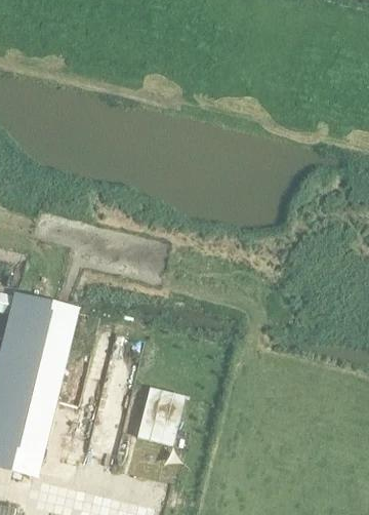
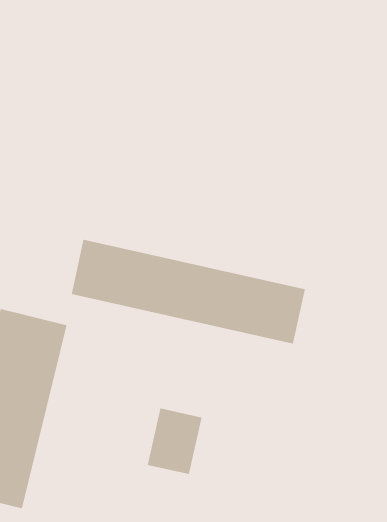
building: none -> [71,239,306,344]

